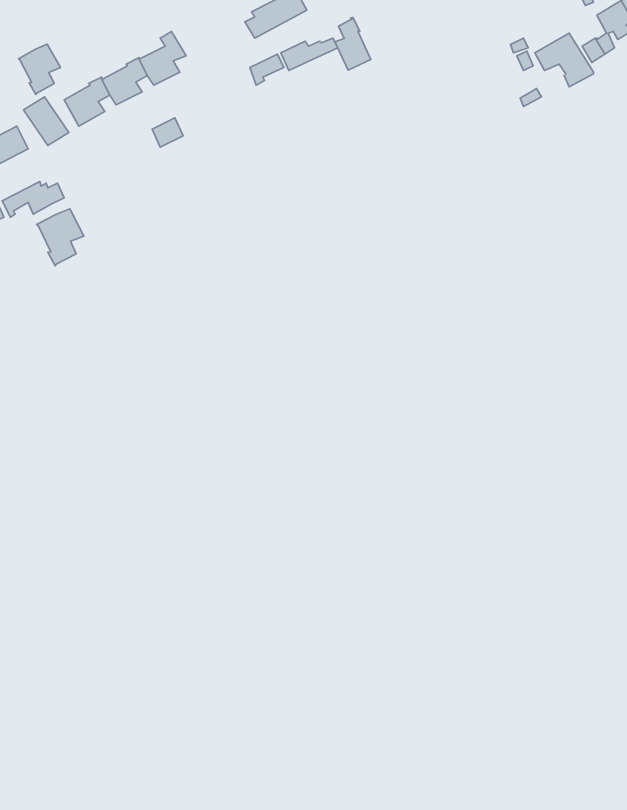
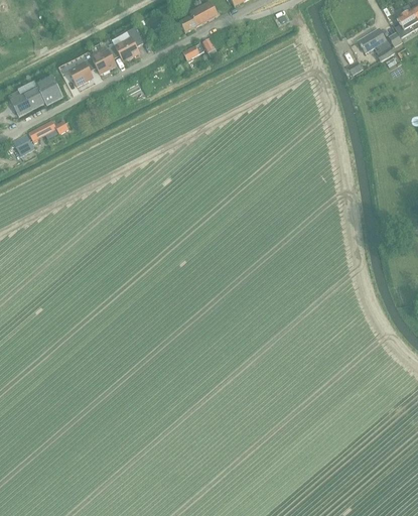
building: [335,18,371,70] -> none
building: [18,44,60,95] -> none
building: [37,209,84,266] -> none

